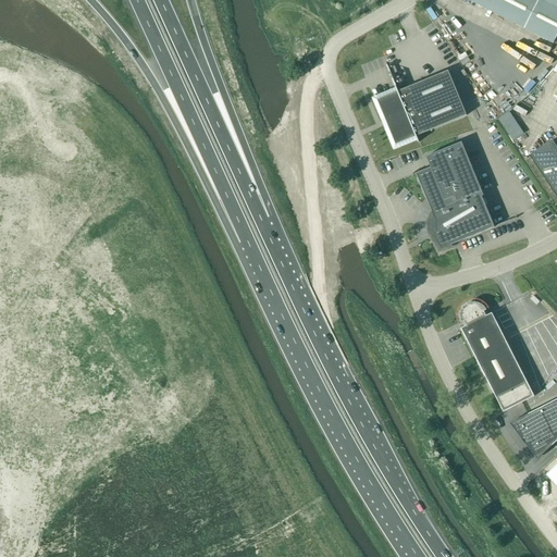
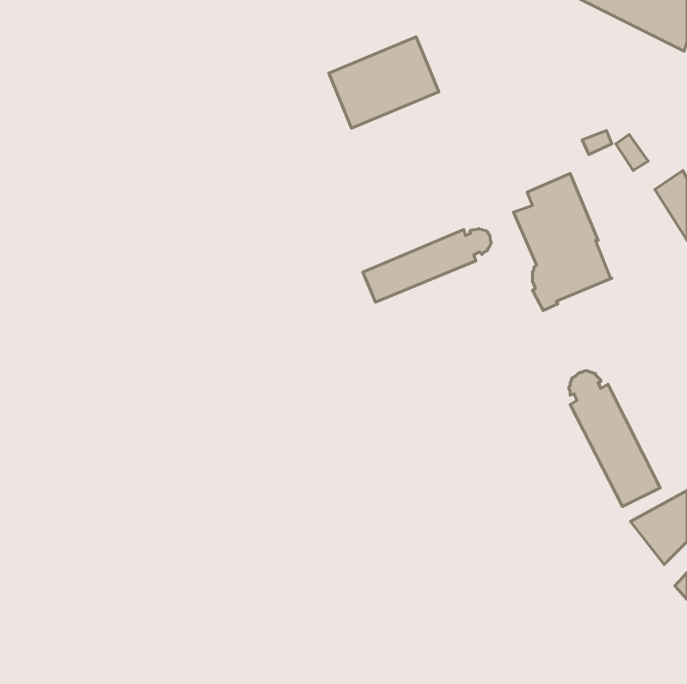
building: [377,69,467,143] -> [329,37,439,128]
building: none -> [363,228,491,302]

